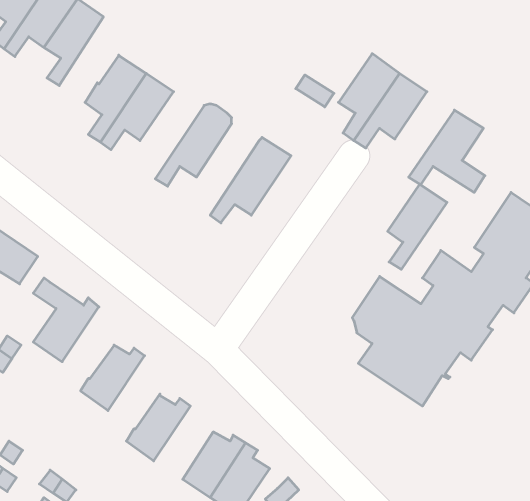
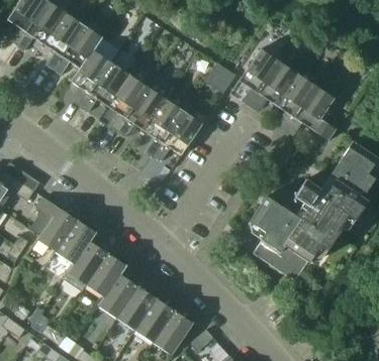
building: none -> [54,24,102,75]
building: none -> [107,70,150,131]
building: none -> [145,94,186,155]
building: [388,184,447,269] -> [276,74,315,130]
building: none -> [56,216,96,263]
building: none -> [86,248,126,296]
building: none -> [116,281,156,330]

